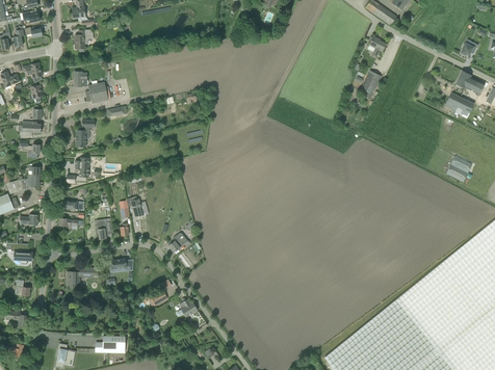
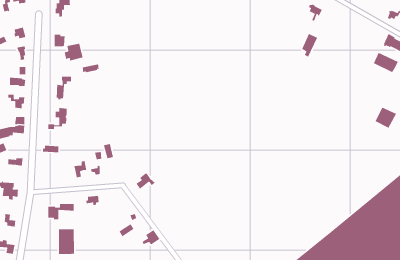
building: none -> [58,228,75,255]

